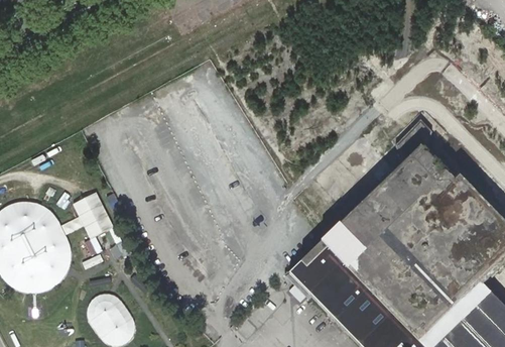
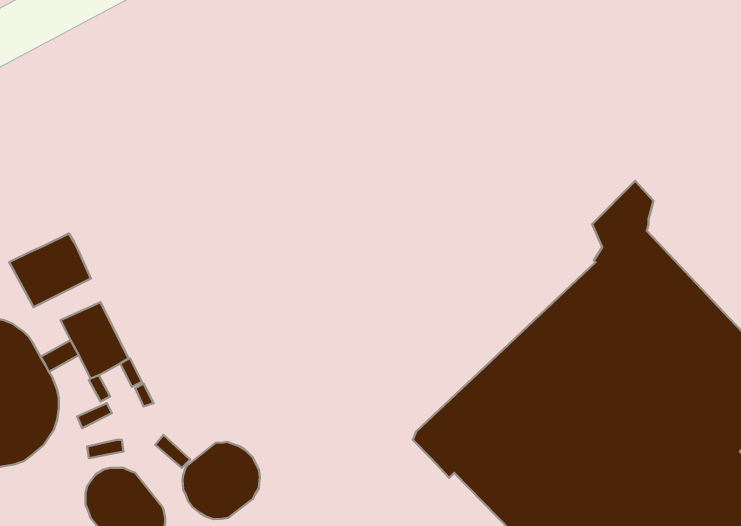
building: none -> [9,233,91,307]
building: none -> [183,442,260,519]

